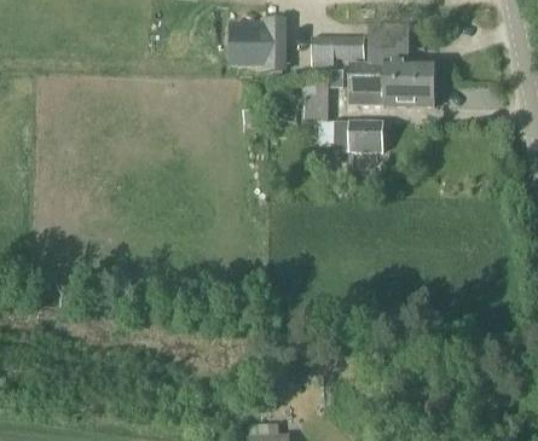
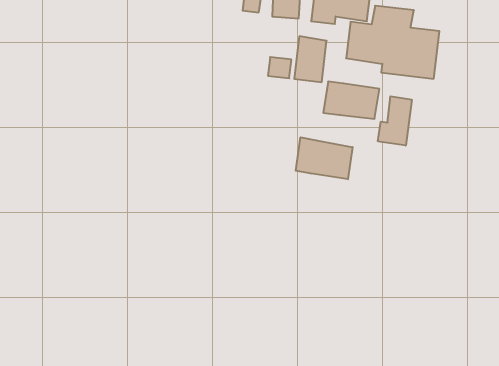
building: none -> [378,96,412,146]
building: none -> [296,137,353,179]

